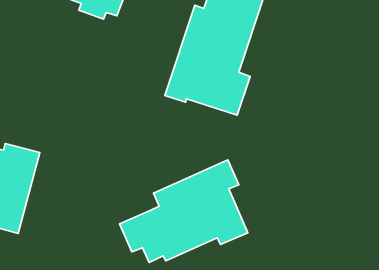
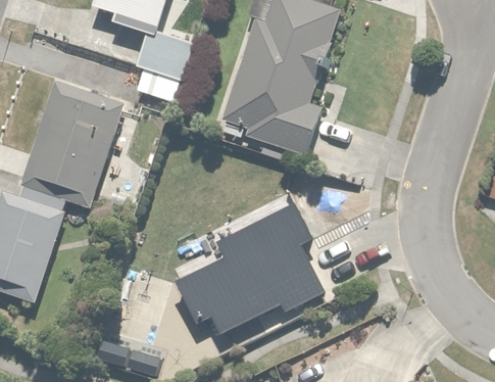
building: none -> [136,31,193,102]
building: none -> [24,81,122,202]

